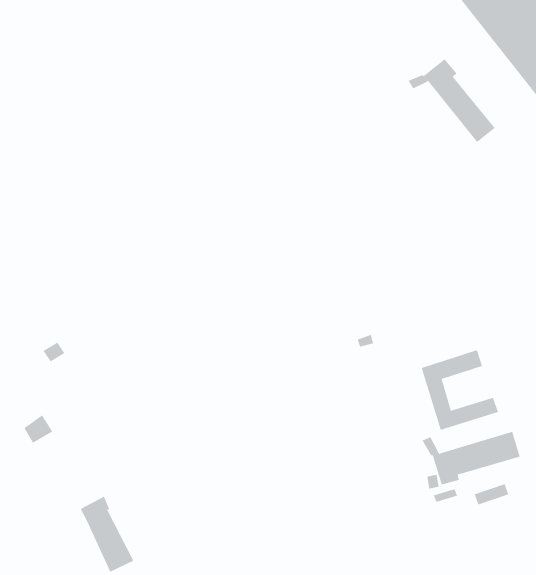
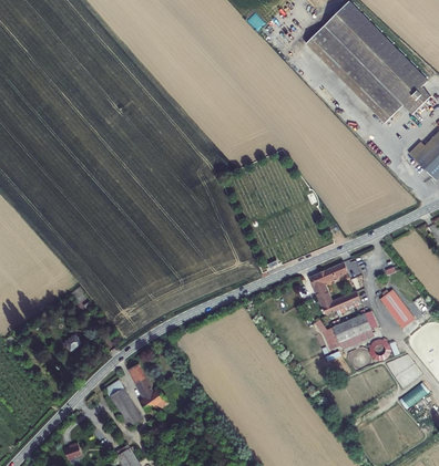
building: [408,59,496,143] -> none
building: none -> [130,364,170,412]

